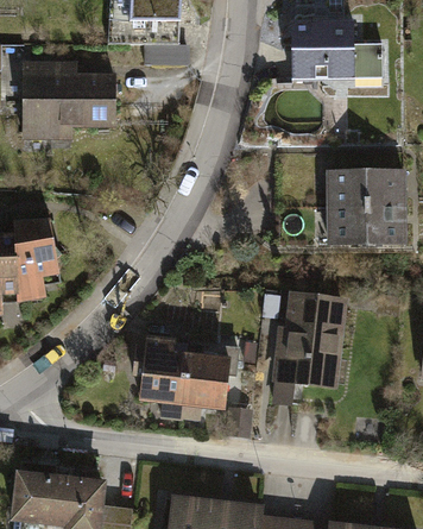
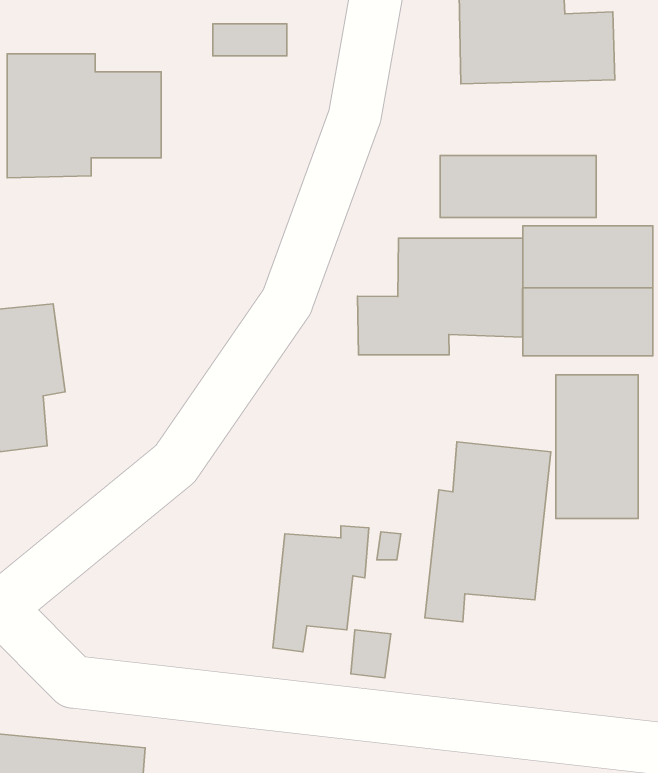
building: none -> [440,156,596,217]
building: none -> [358,238,523,355]
building: none -> [556,375,638,518]
building: [132,332,188,417] -> none

